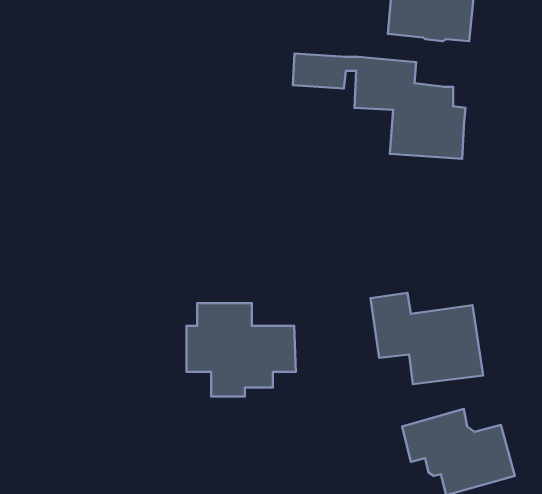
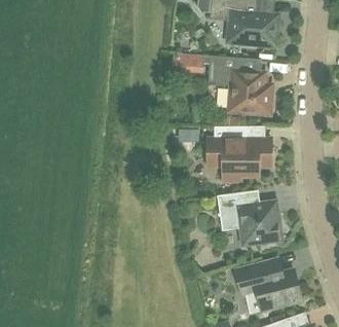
building: [187,303,296,396] -> [208,125,271,180]

